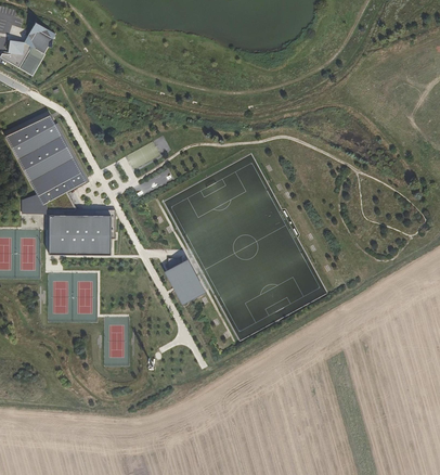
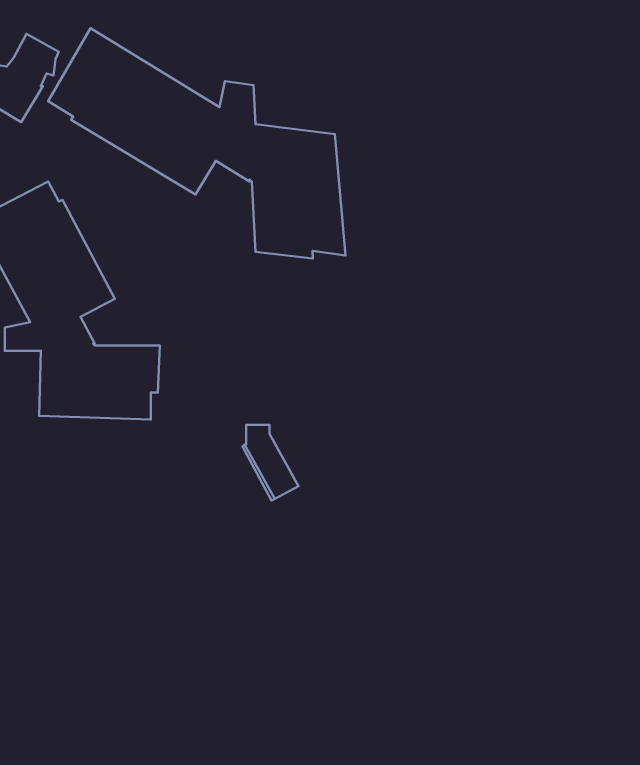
building: none -> [48,28,346,259]

